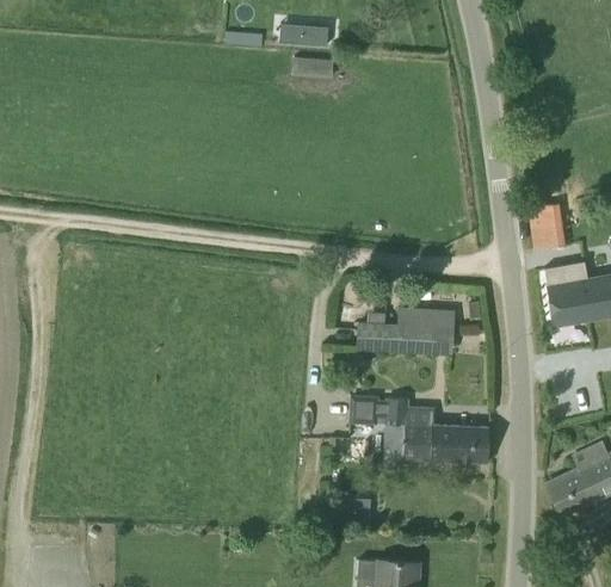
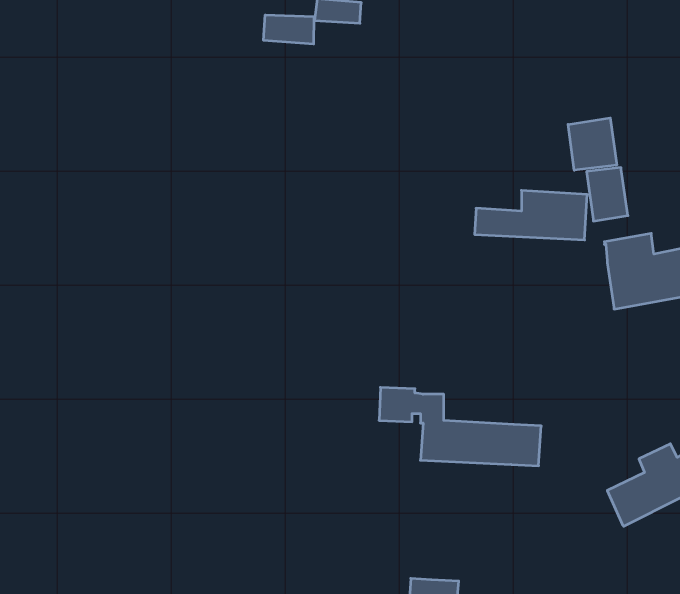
building: none -> [264,15,314,44]
building: none -> [568,118,617,170]
building: [357,309,455,352] -> [475,190,587,240]

